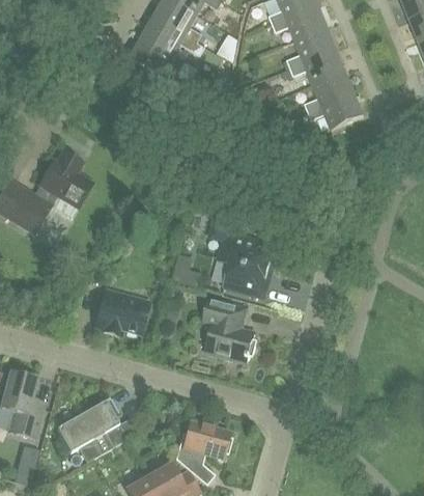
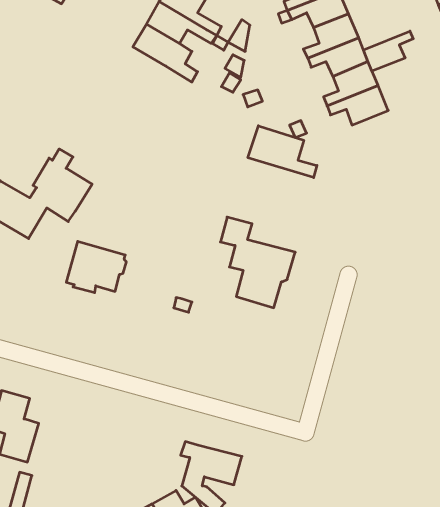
building: none -> [364,31,413,71]
building: none -> [248,126,317,178]
building: [94,287,149,334] -> [66,241,126,293]
building: [202,297,255,361] -> none
building: [56,397,138,458] -> none

